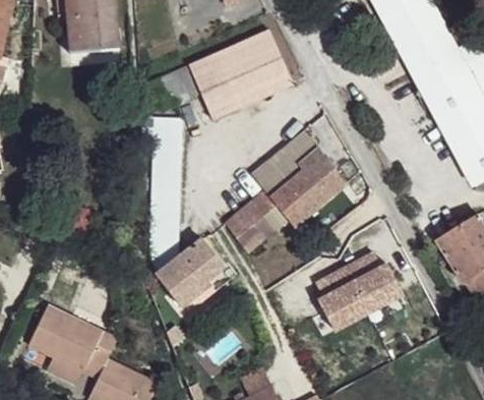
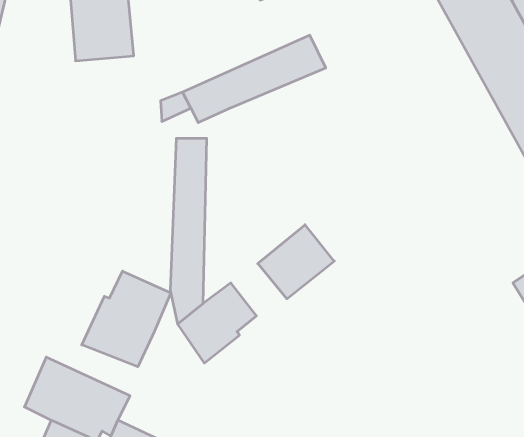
building: [200,59,291,120] -> none
building: [252,132,345,227] -> none
building: none -> [82,271,171,367]
building: [309,254,395,335] -> none

